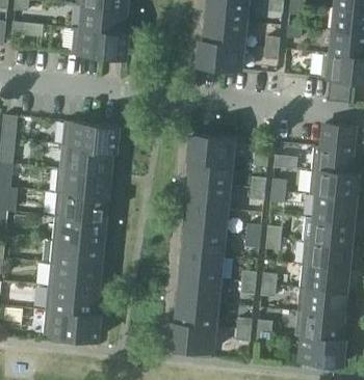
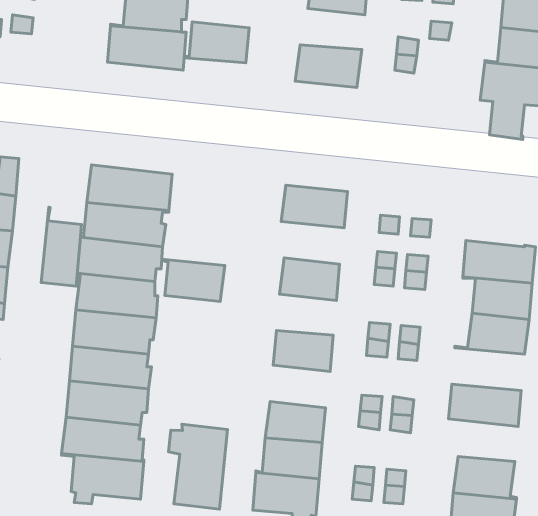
building: [201,18,243,45] -> [184,22,249,63]
building: [310,124,353,174] -> none
building: none -> [41,207,81,286]
building: [188,158,230,186] -> [162,259,225,302]
building: [185,206,225,233] -> none
building: [301,241,348,269] -> none
building: [181,252,220,280] -> none
building: [296,288,344,316] -> none
building: none -> [169,424,227,509]

